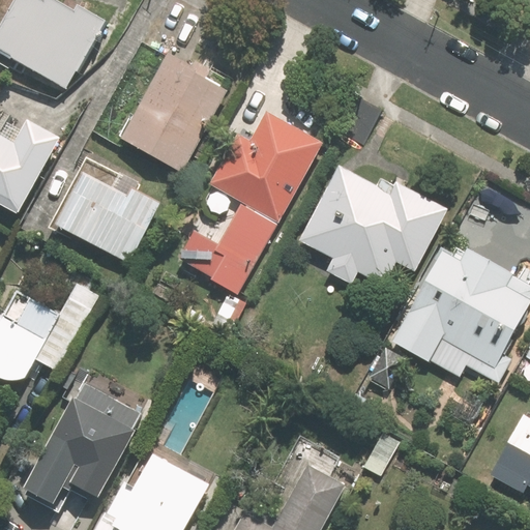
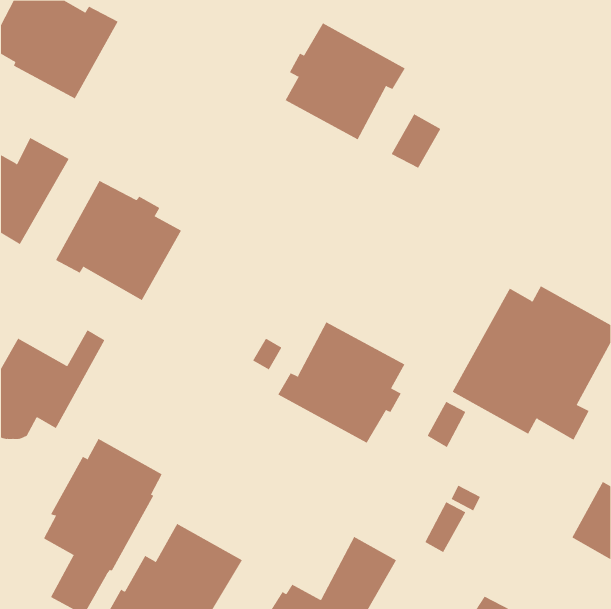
building: none -> [285,23,405,140]
building: [119,57,227,172] -> none
building: [178,111,321,295] -> none
building: [298,165,446,287] -> none
building: none -> [278,321,405,444]

